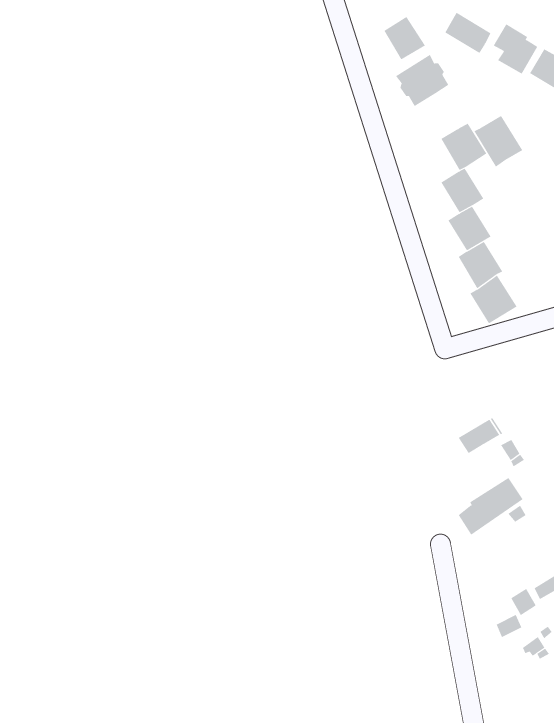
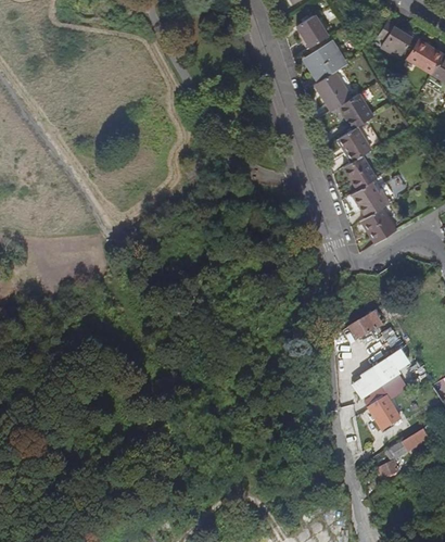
building: [445,12,491,54] -> none
building: [474,115,523,168] -> [315,72,352,111]
building: none -> [367,391,403,430]

